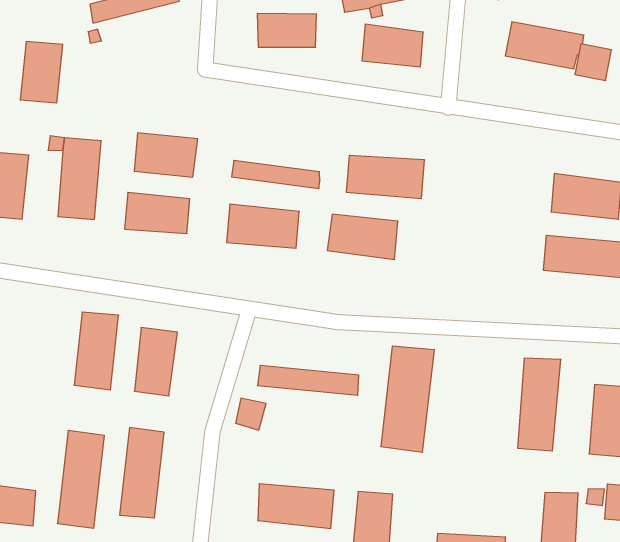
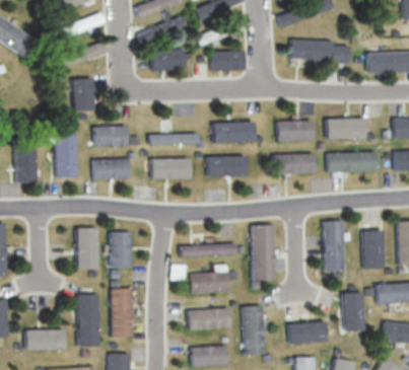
building: [20,42,63,103] -> [72,78,93,112]
building: none -> [276,121,312,142]
building: none -> [271,154,312,174]
building: none -> [188,265,226,294]

